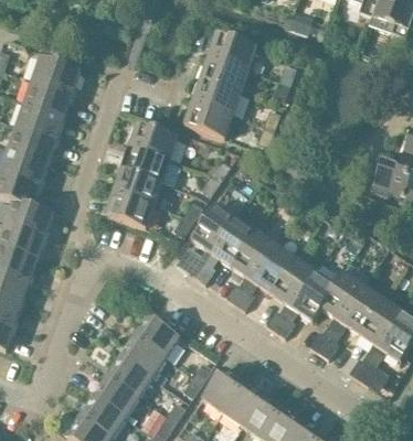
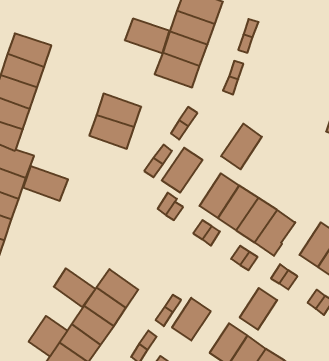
building: [32,56,81,94] -> none
building: [128,122,177,160] -> [125,19,170,53]
building: [105,191,153,228] -> [23,166,68,201]
building: [211,217,255,267] -> [221,124,262,169]
building: [320,271,363,320] -> none
building: [135,315,180,357] -> [54,268,96,307]
building: [223,380,264,426] -> [240,288,277,330]
building: none -> [29,316,67,356]

